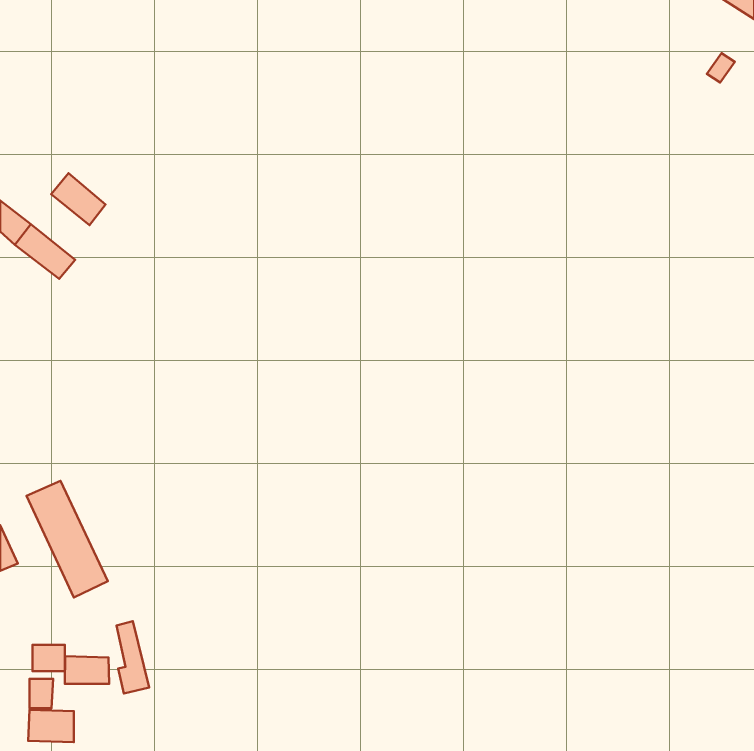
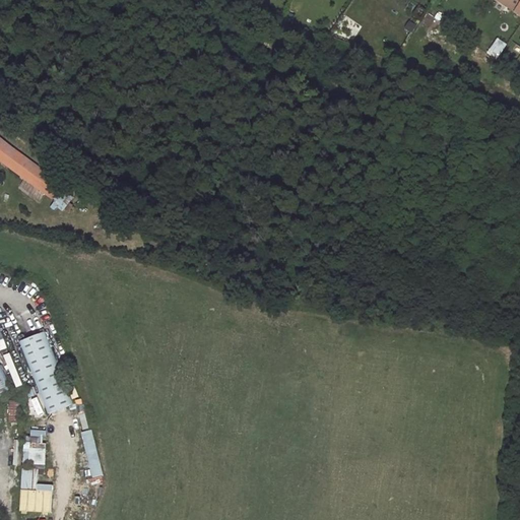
building: [51,173,105,225] -> none
building: [65,656,109,684] -> none

